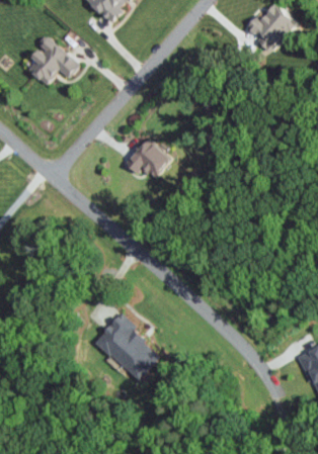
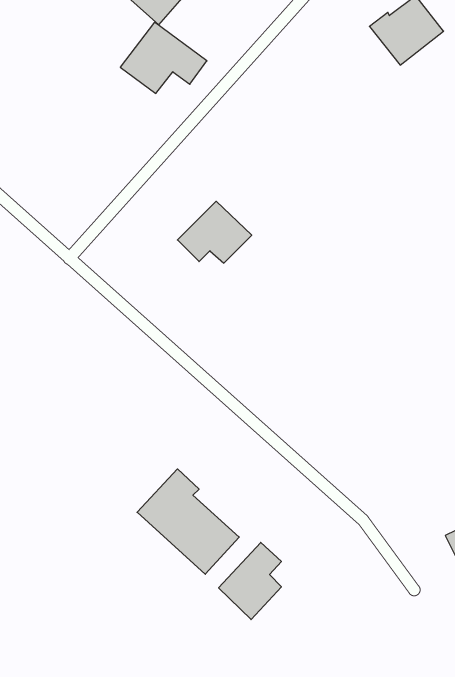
building: [23,37,80,84] -> [120,22,207,93]
building: none -> [219,542,281,620]

